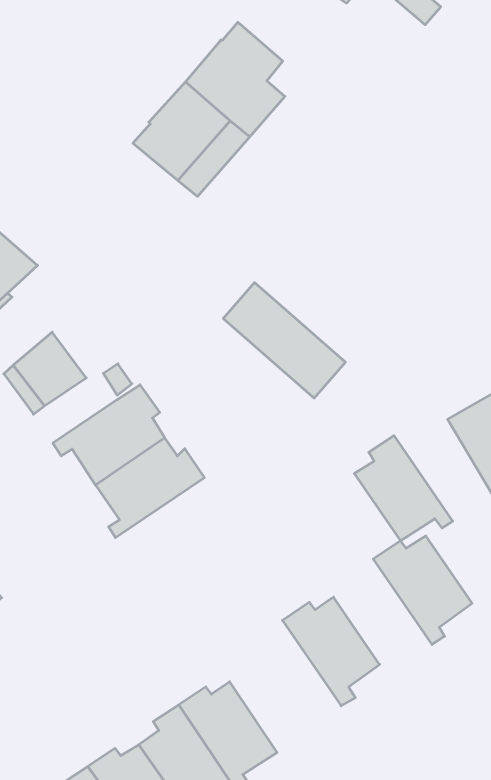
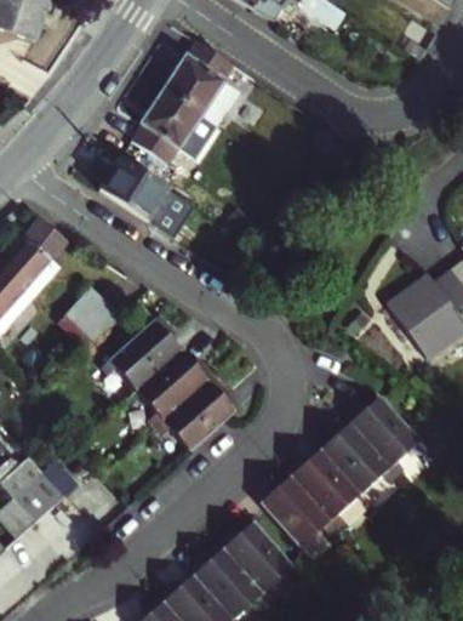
building: [223,283,345,398] -> [98,156,192,235]
building: [354,436,453,541] -> [320,420,396,496]
building: none -> [155,376,235,452]
building: none -> [261,473,336,549]

